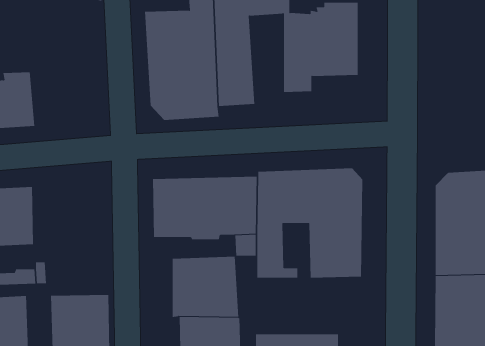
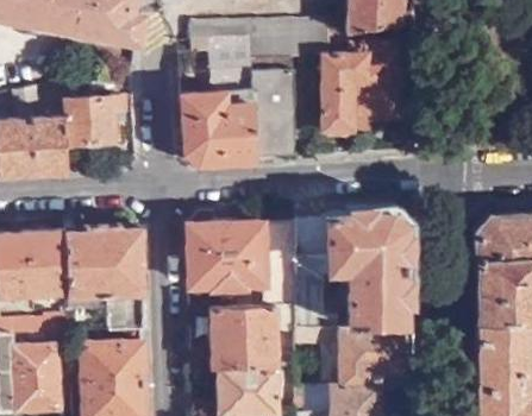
building: none -> [65,97,124,145]
building: none -> [65,231,144,334]
building: none -> [294,327,403,385]

